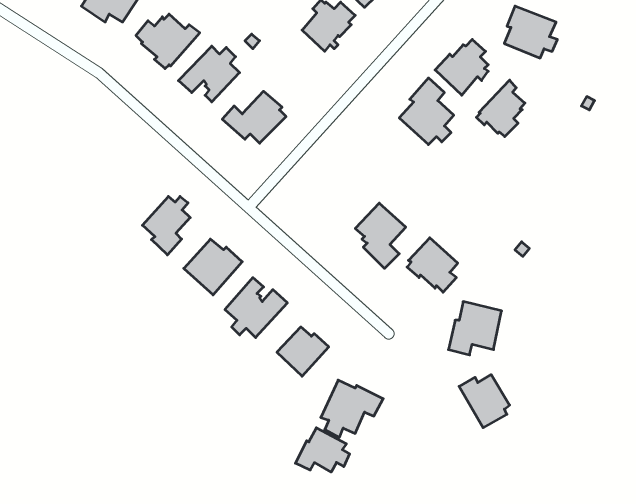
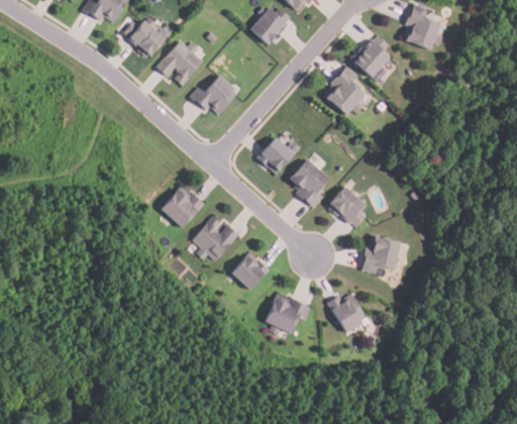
building: [476,80,525,137] -> none
building: none -> [257,136,294,174]
building: [142,196,190,255] -> none
building: [459,375,510,428] -> [327,294,366,334]
building: [295,428,350,472] -> none

